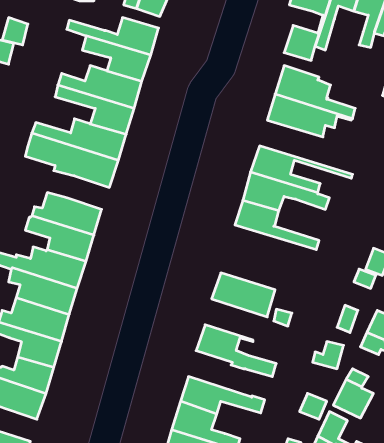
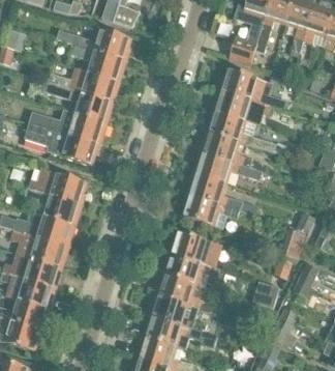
building: none -> [211,110,287,153]
building: none -> [184,194,256,228]
building: none -> [168,253,220,286]
building: none -> [154,294,207,332]

